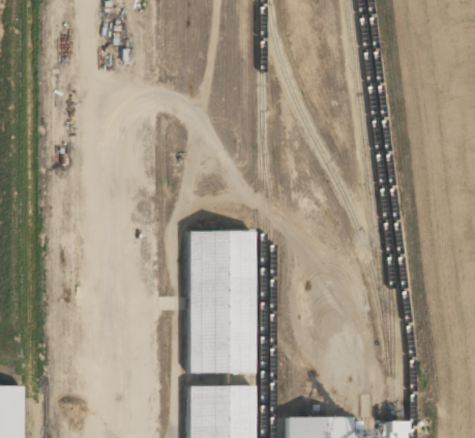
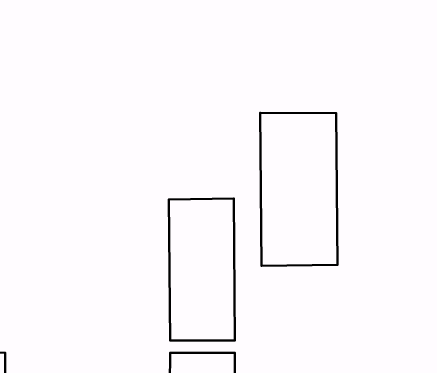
building: none -> [260,113,337,266]

